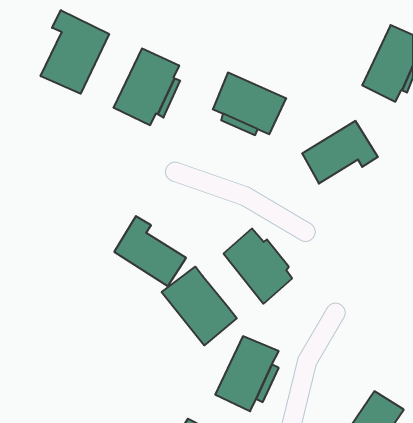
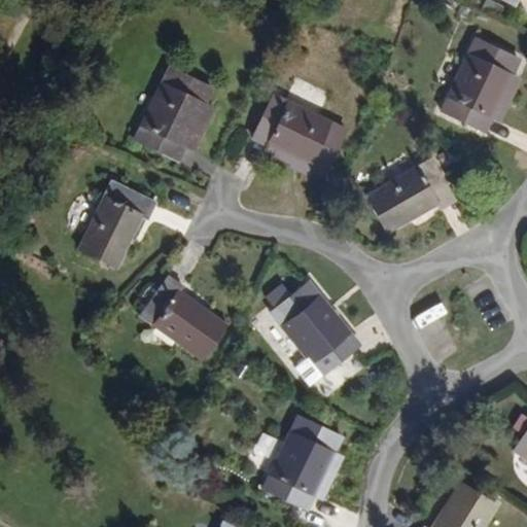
building: [41,10,109,94] -> none
building: none -> [82,179,163,268]
building: [162,267,237,345] -> none

